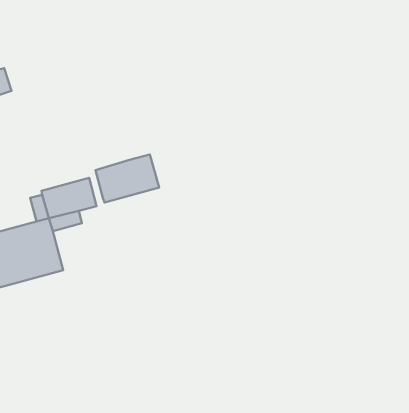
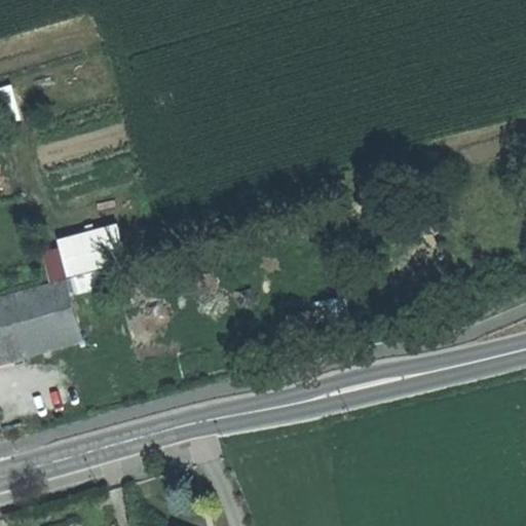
building: [96,154,159,202] -> none

